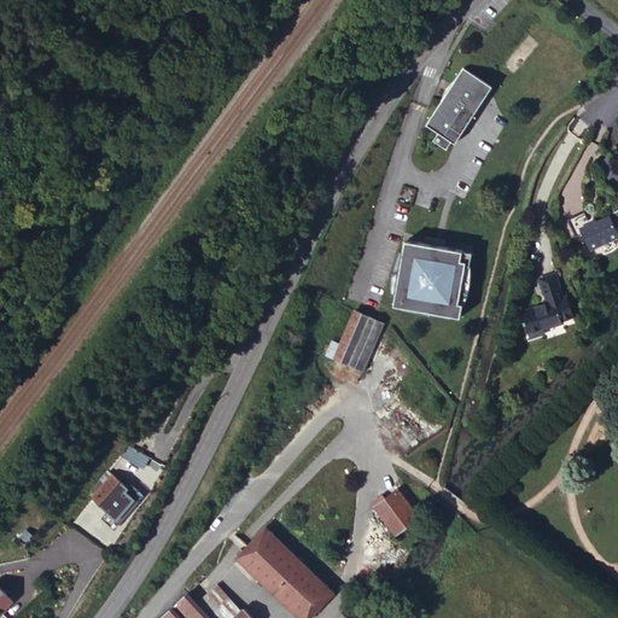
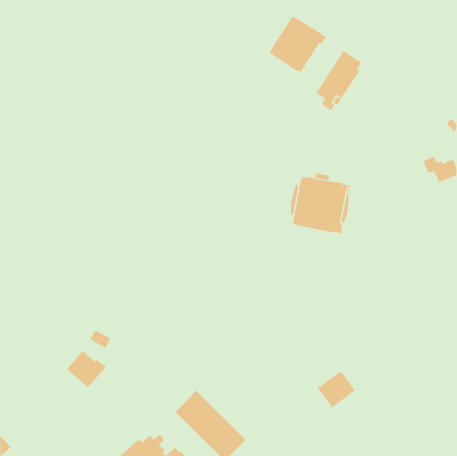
building: none -> [269,16,326,73]
building: [523,275,572,338] -> none
building: [333,309,383,369] -> none
building: [365,491,416,542] -> [317,371,355,408]

